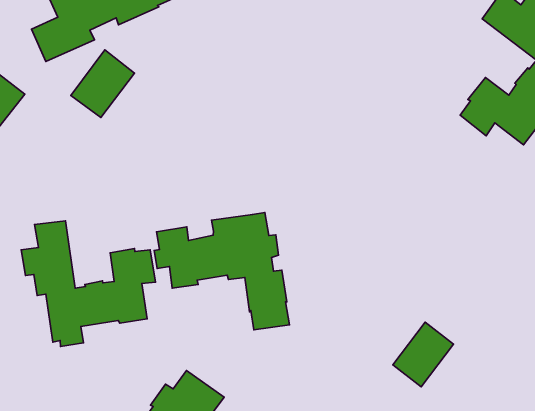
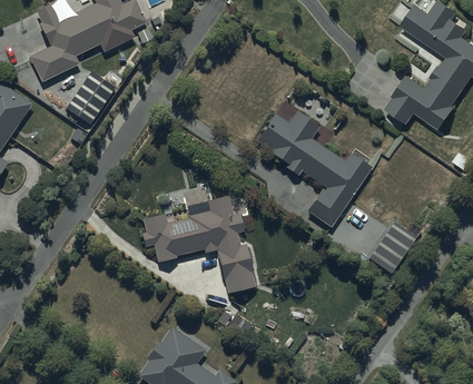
building: none -> [256,110,372,227]
building: [21,221,156,346] -> none
building: [393,322,454,387] -> [368,220,417,274]

